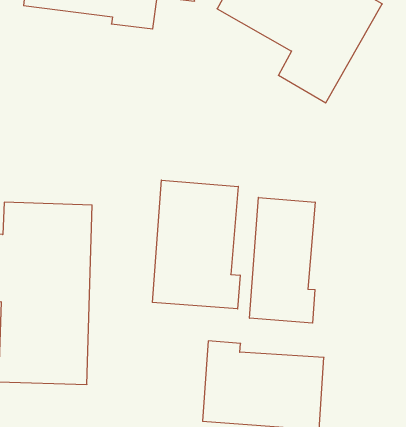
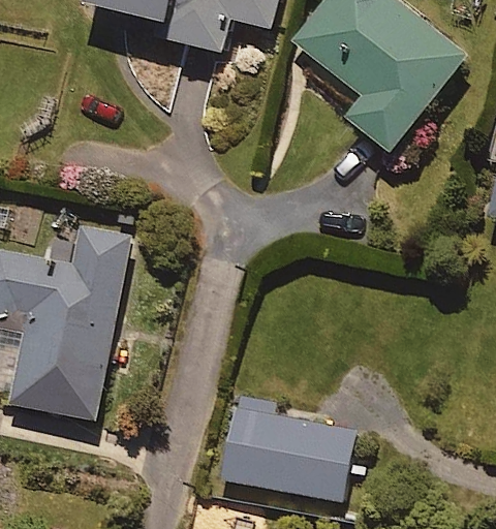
building: [152,180,240,309] -> none
building: [250,197,315,323] -> none

